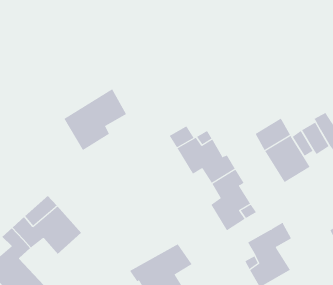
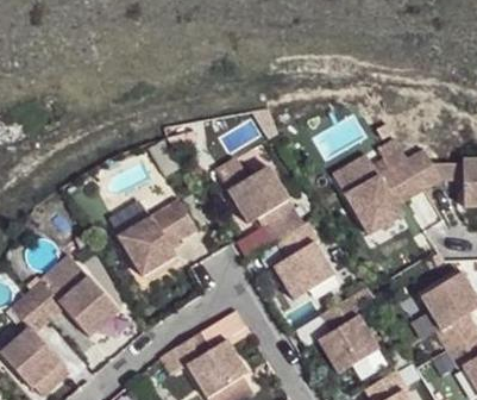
building: [63,89,127,151] -> [119,196,199,275]

